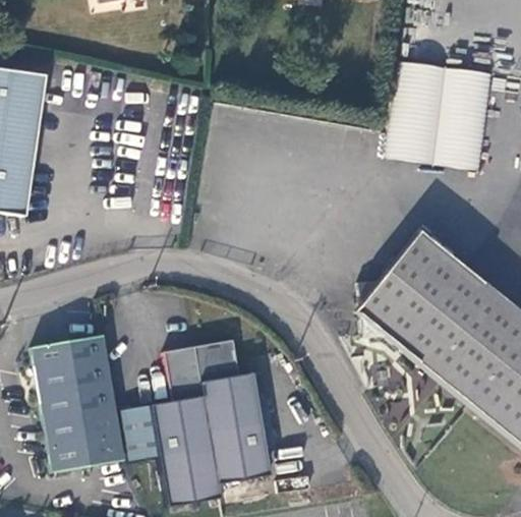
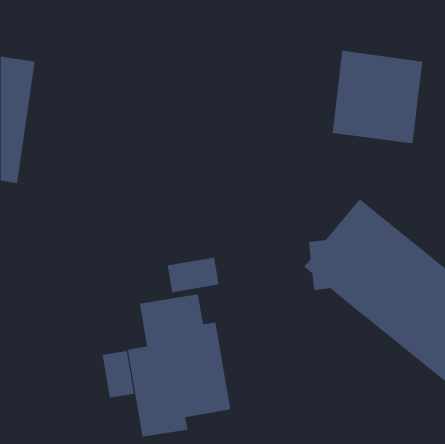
building: none -> [167,257,219,293]
building: [33,334,124,471] -> none

